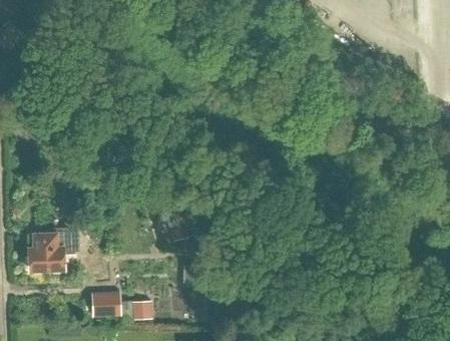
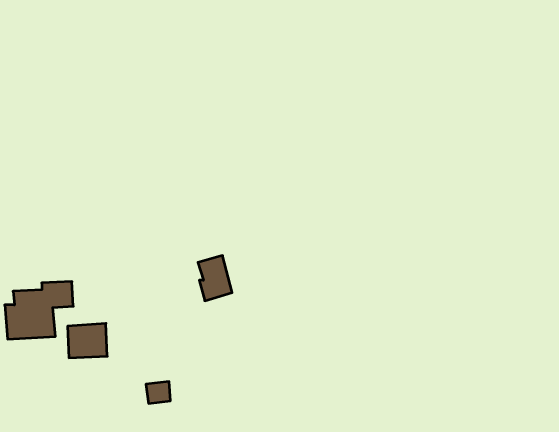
building: [91,291,120,316] -> [68,323,107,358]

